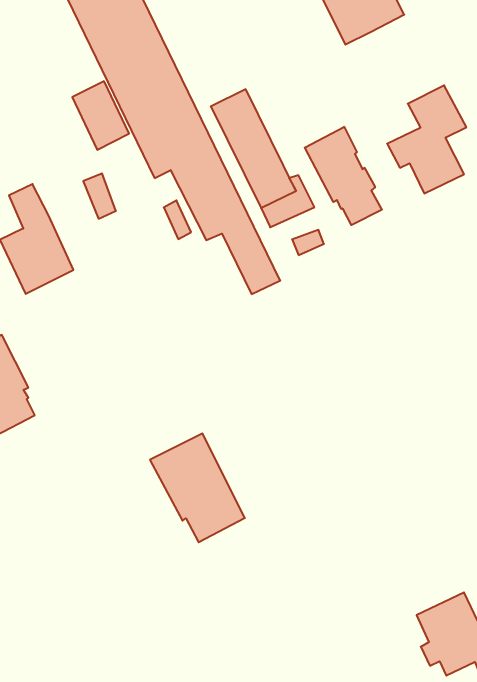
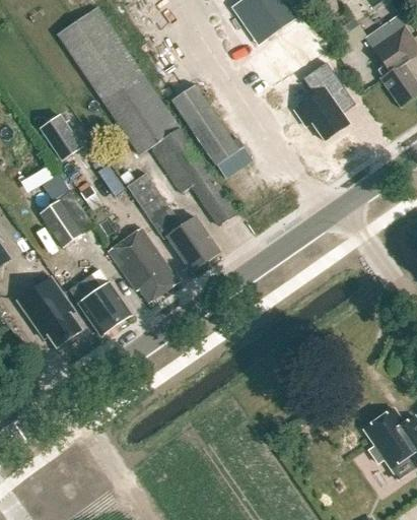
building: [72,81,129,150] -> [40,112,82,159]
building: [305,127,382,225] -> none
building: none -> [127,173,219,271]
building: none -> [69,270,131,334]
building: [150,433,245,542] -> [108,228,179,303]

